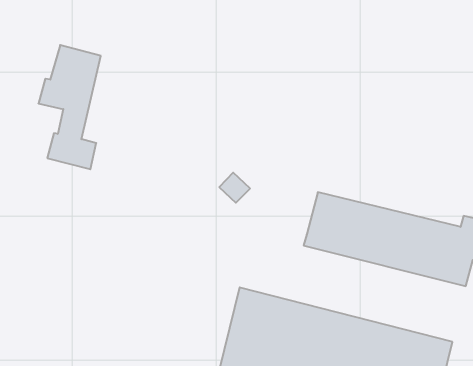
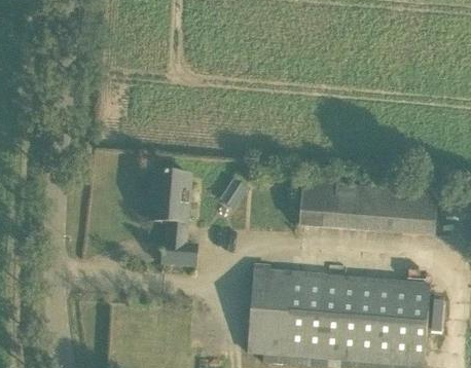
building: [38,45,101,169] -> [147,171,198,265]

